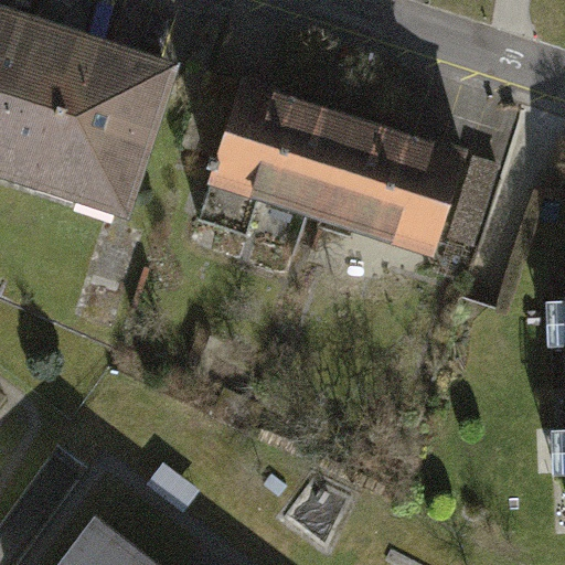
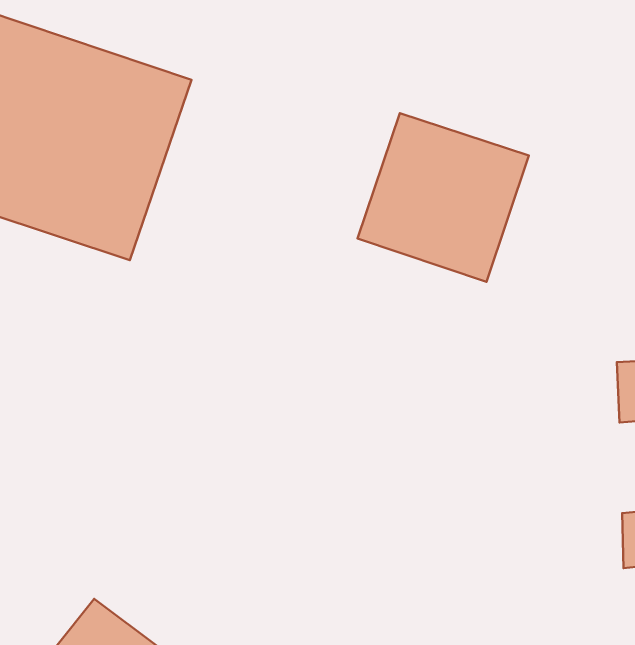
building: [194,64,358,236] -> none

